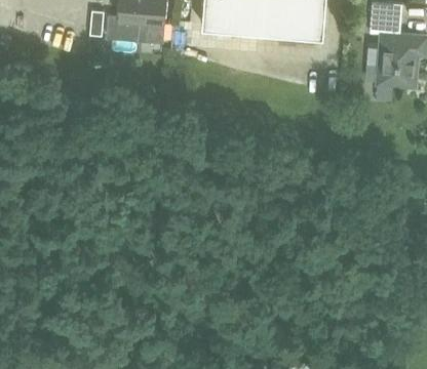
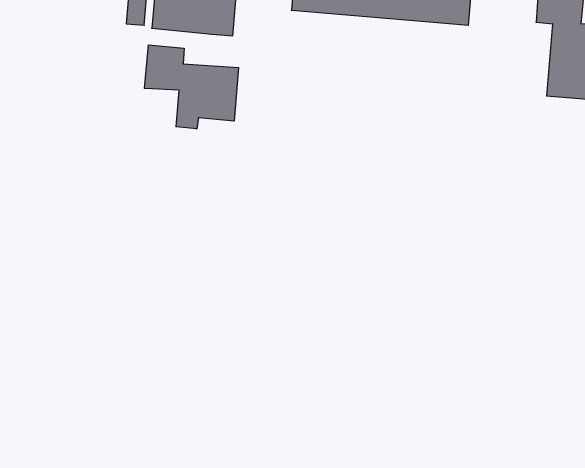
building: none -> [144,45,238,129]

